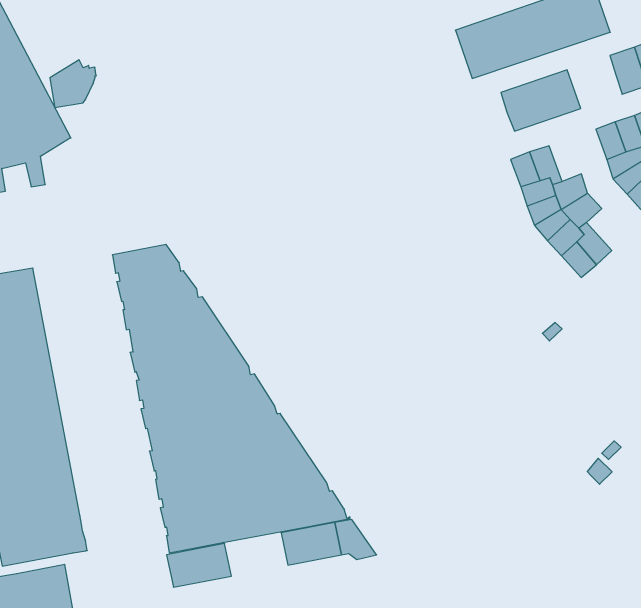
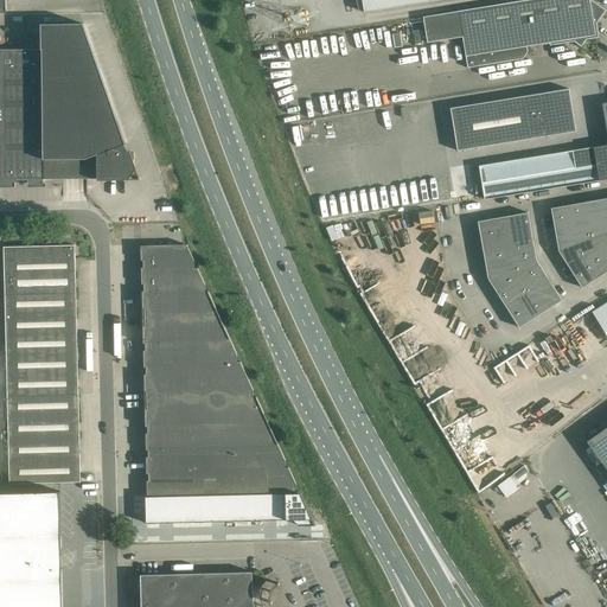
building: none -> [535,149,576,189]
building: [50,60,96,107] -> [95,143,133,179]
building: none -> [510,211,532,245]
building: none -> [530,273,561,308]
building: none -> [192,493,241,522]

